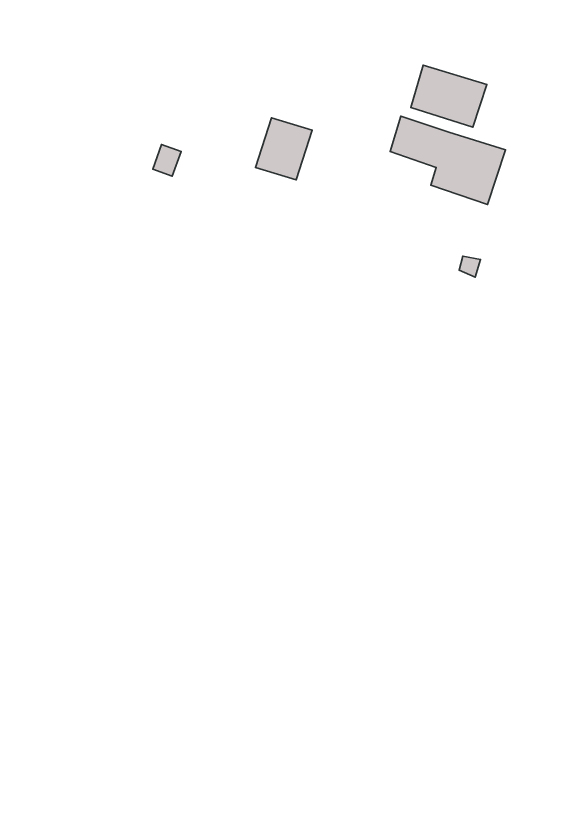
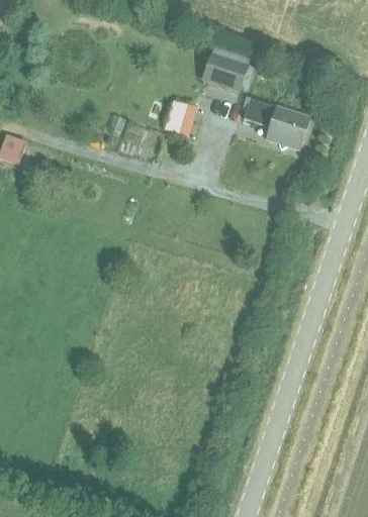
building: [411,65,487,127] -> [203,56,247,91]

